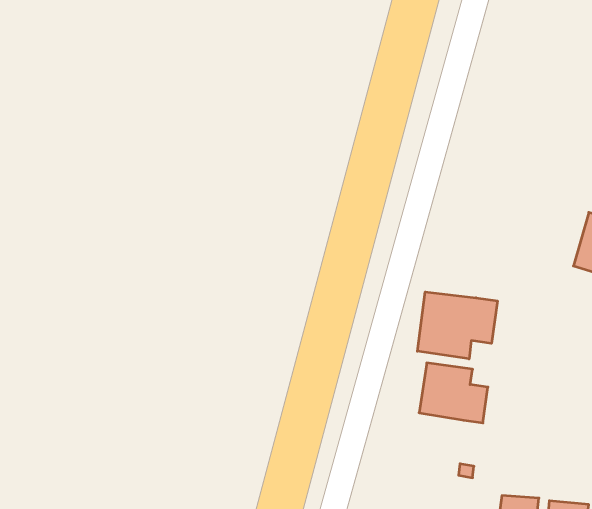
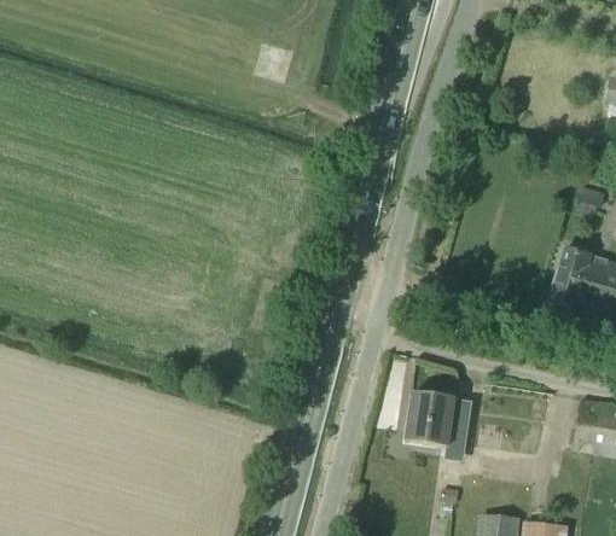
building: [417,292,497,359] -> none

